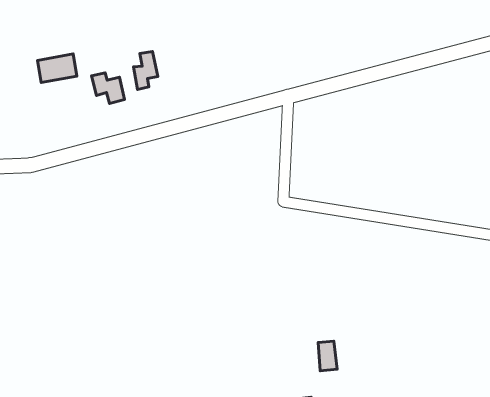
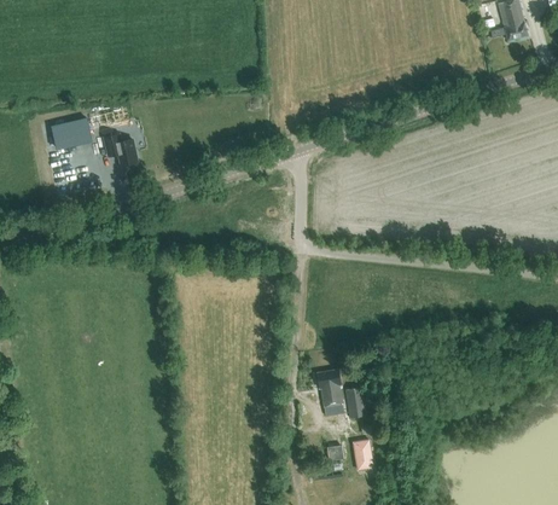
building: [133,52,158,89] -> none
building: none -> [315,368,342,406]

